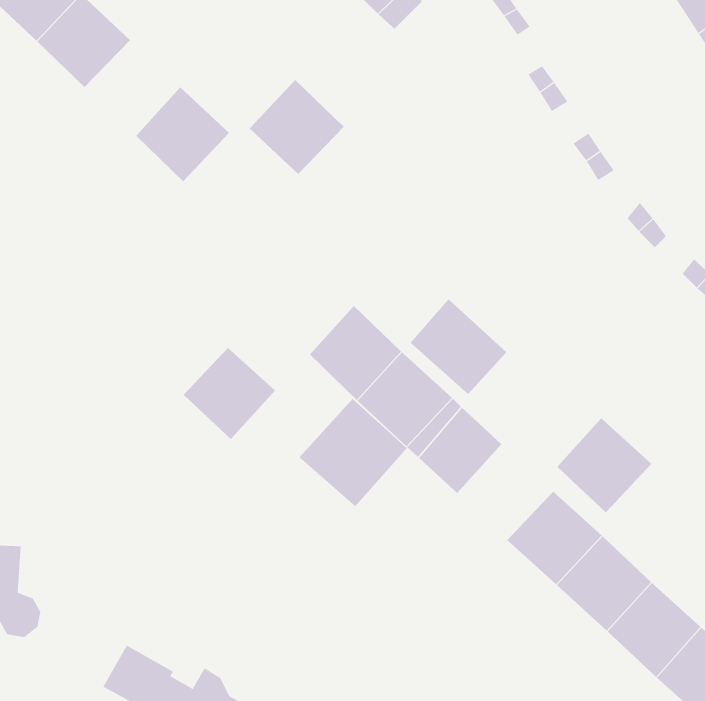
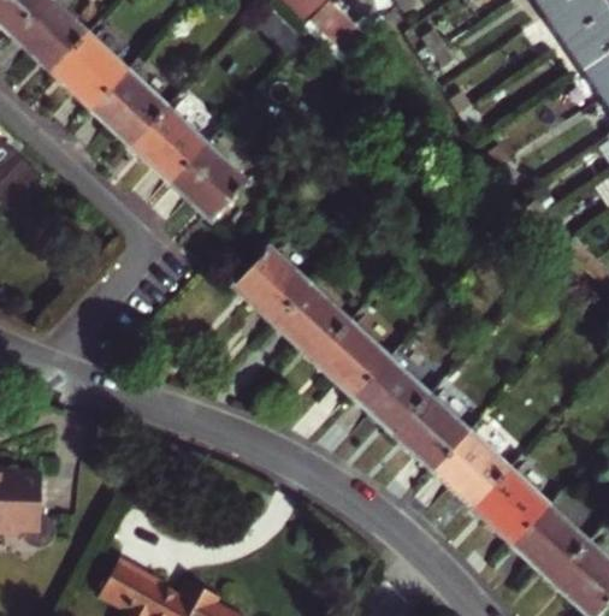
building: none -> [91,69,168,146]
building: [249,79,345,175] -> [171,143,248,220]
building: [410,299,507,395] -> none
building: [183,347,276,440] -> [233,247,308,321]
building: [299,398,407,507] -> none
building: [556,417,652,513] -> [391,393,468,470]

